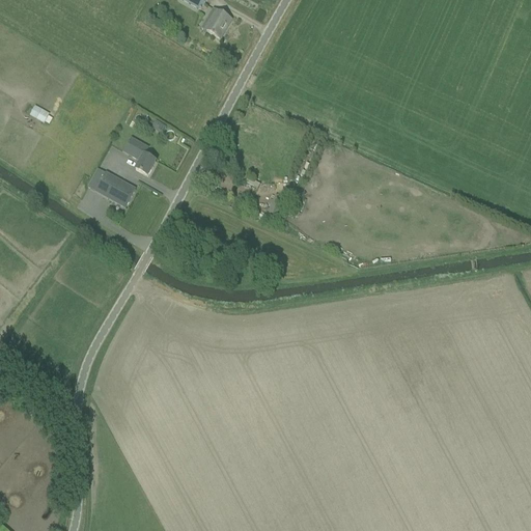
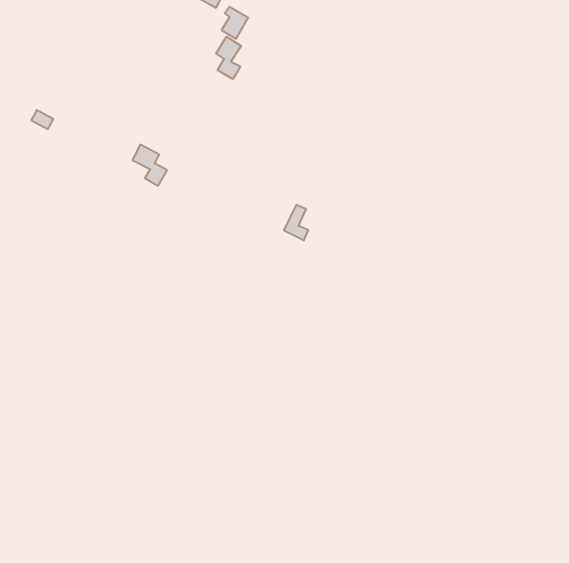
building: none -> [216,37,241,79]
building: [88,166,135,204] -> none

